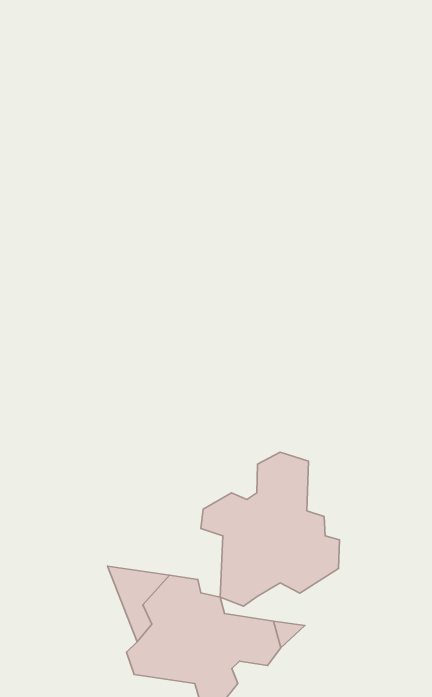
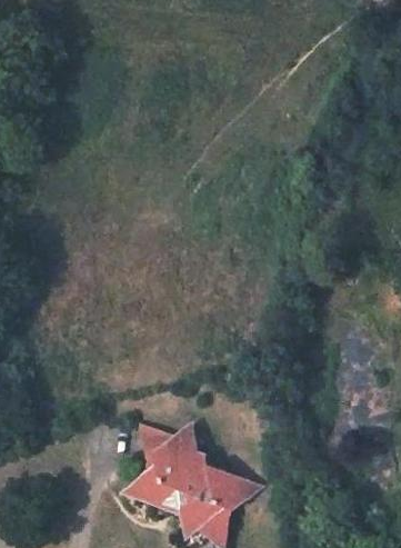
building: [201,452,339,606] -> none

